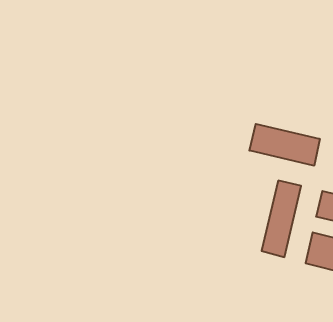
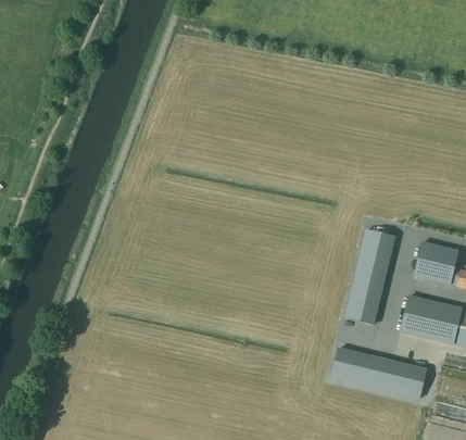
building: [249,124,320,166] -> none
building: none -> [330,348,426,397]

